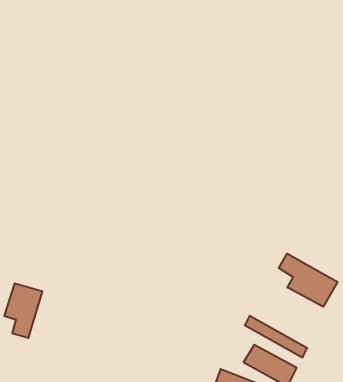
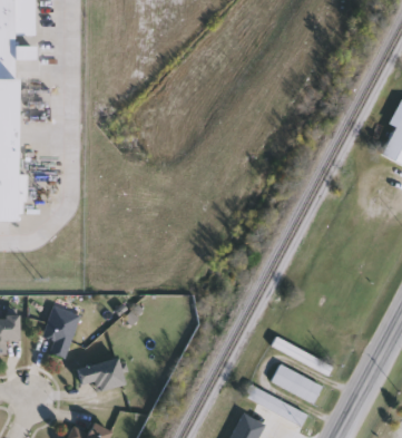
building: [279,254,337,307] -> none
building: none -> [75,356,122,391]

